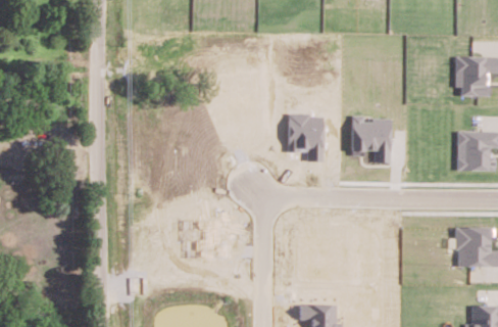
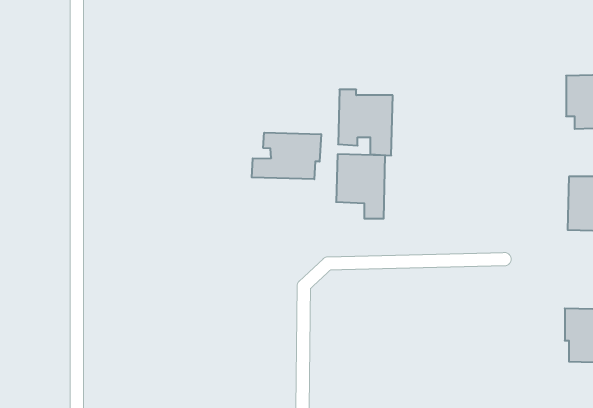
building: none -> [252,133,321,179]
building: [351,115,391,164] -> [338,90,393,155]

